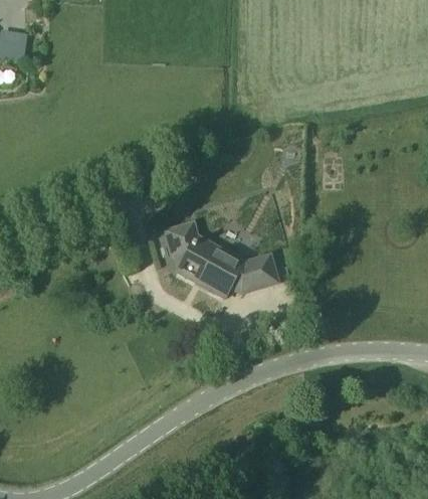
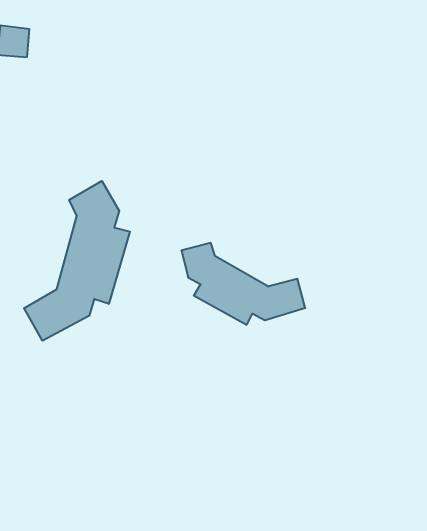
building: none -> [24,181,130,341]

